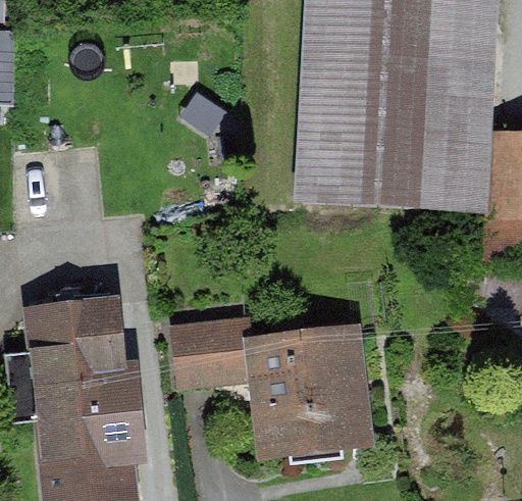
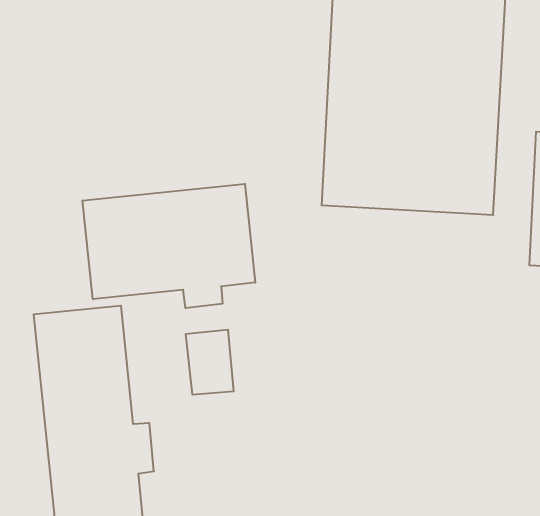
building: none -> [83,184,255,308]
building: [253,325,364,450] -> none

